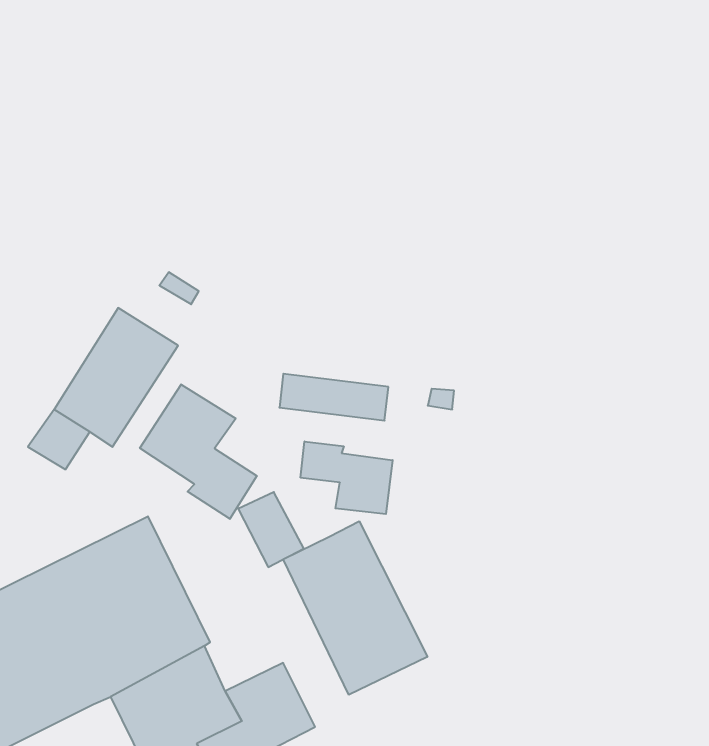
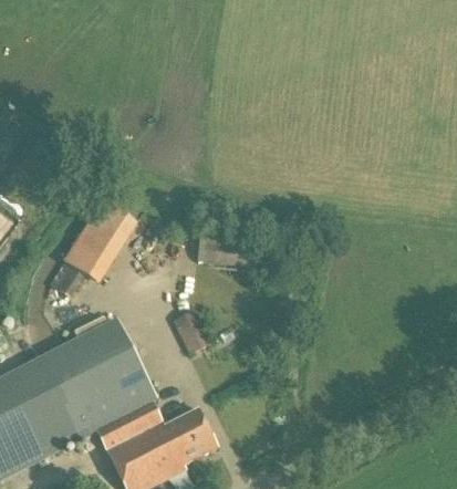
building: [140,384,257,519] -> none
building: [301,441,393,514] -> none
building: [283,521,427,695] -> none

